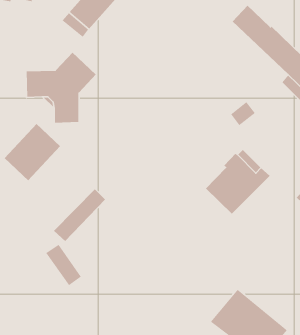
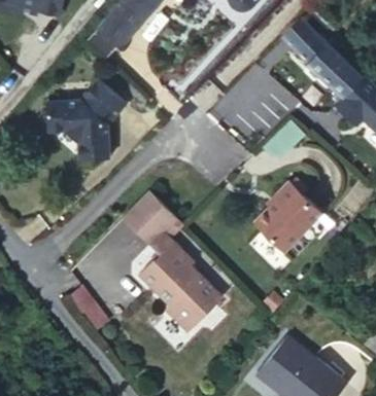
building: [4,123,61,181] -> none
building: none -> [125,189,225,327]

